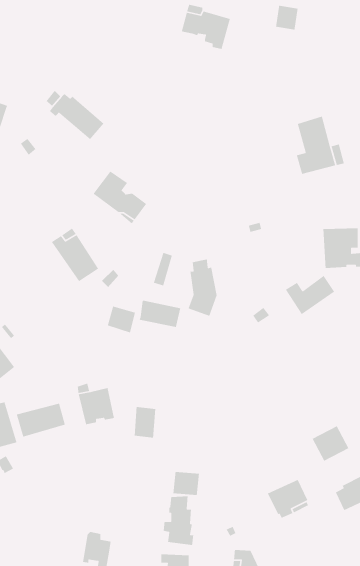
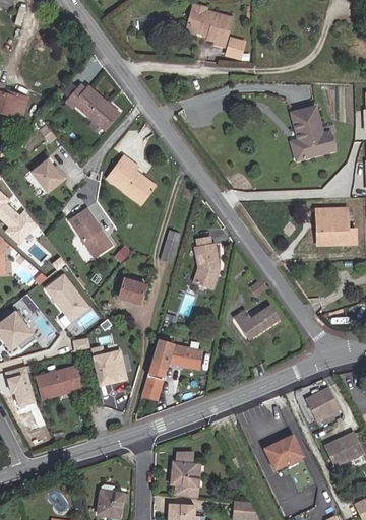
building: [275,5,298,31] -> [226,36,247,59]
building: none -> [32,159,66,192]
building: [285,275,335,315] -> [234,304,280,340]
building: [139,300,181,328] -> [164,343,202,369]
building: none -> [45,273,91,324]
building: [173,471,200,496] -> none

